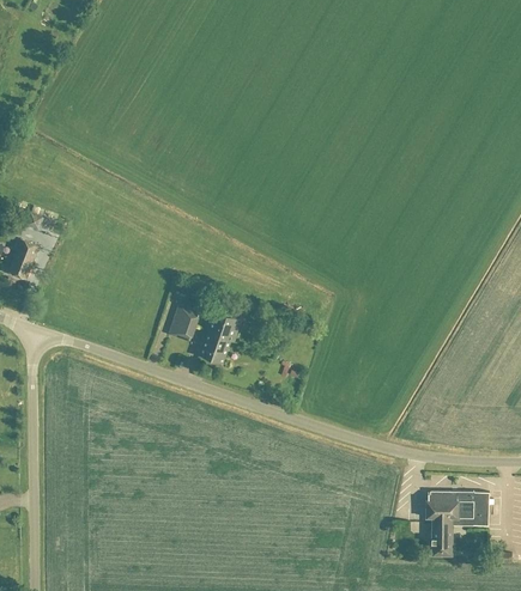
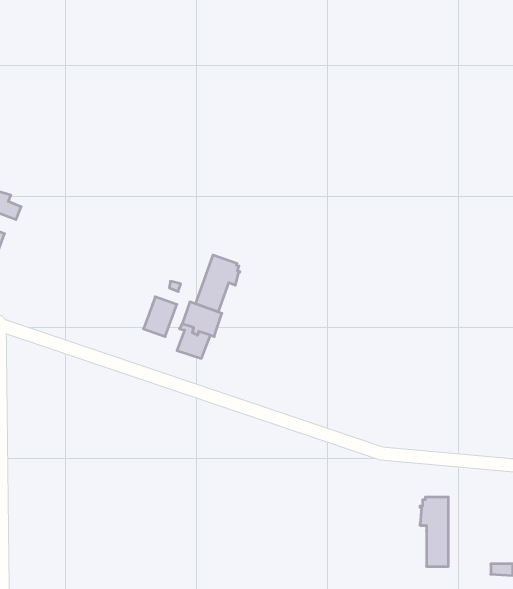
building: none -> [196,255,240,312]
building: [452,491,489,525] -> none

